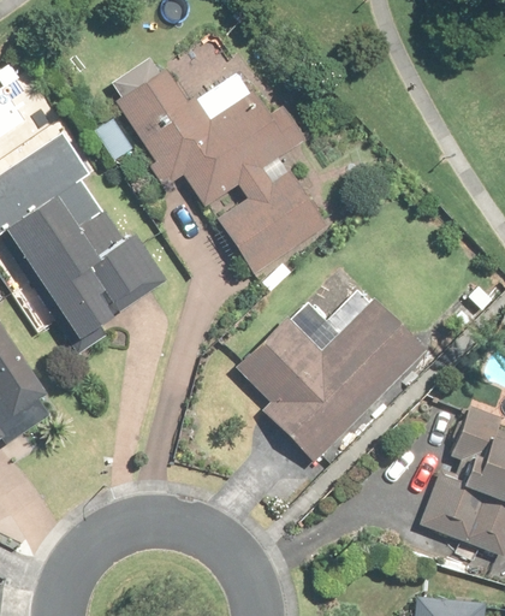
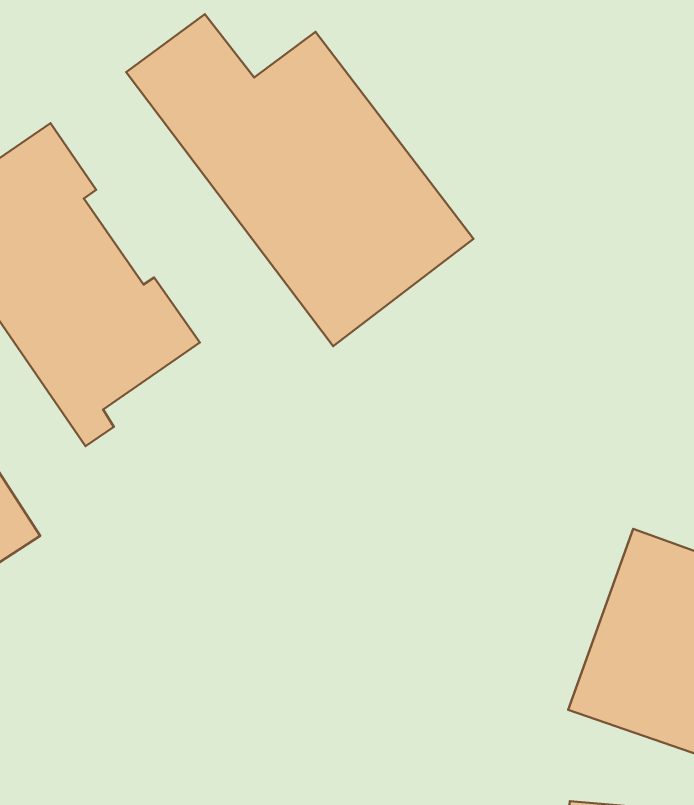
building: [234,280,435,472] -> none

